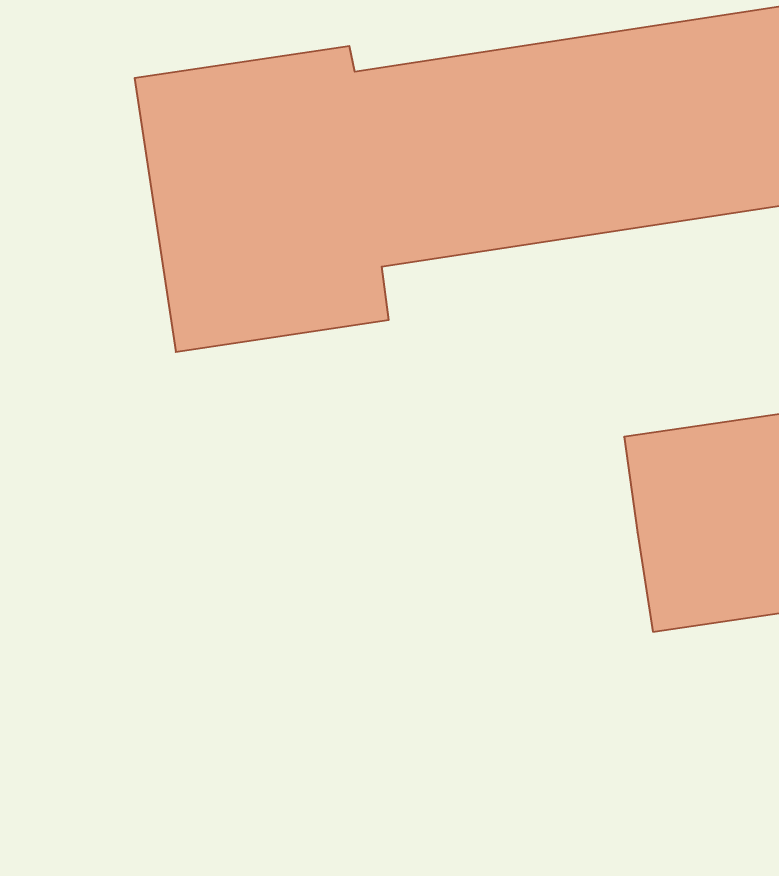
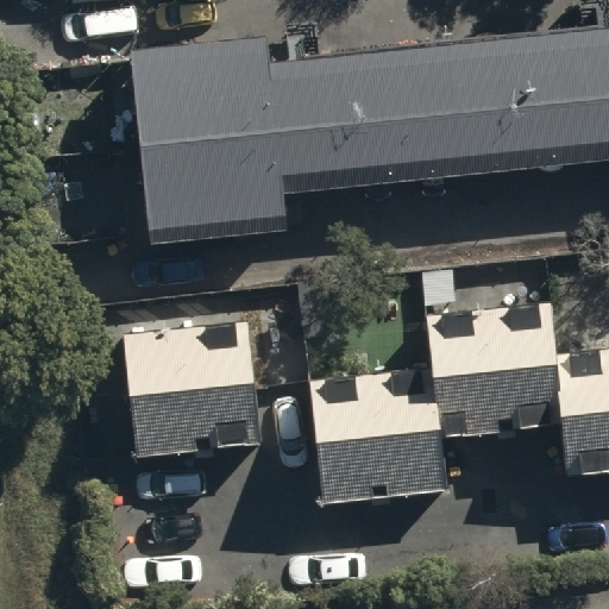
building: none -> [121,321,257,458]
building: none -> [316,371,450,497]

